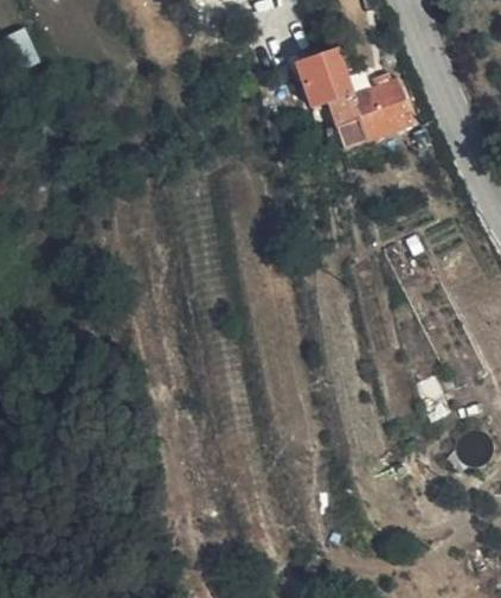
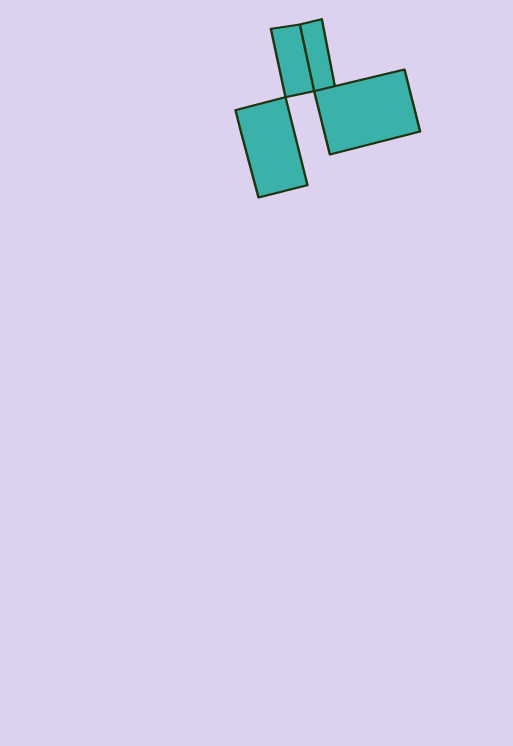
building: none -> [235,97,308,198]

